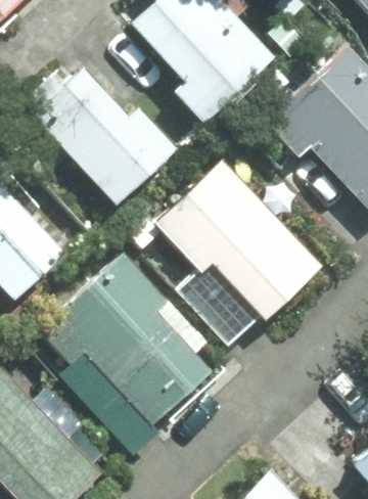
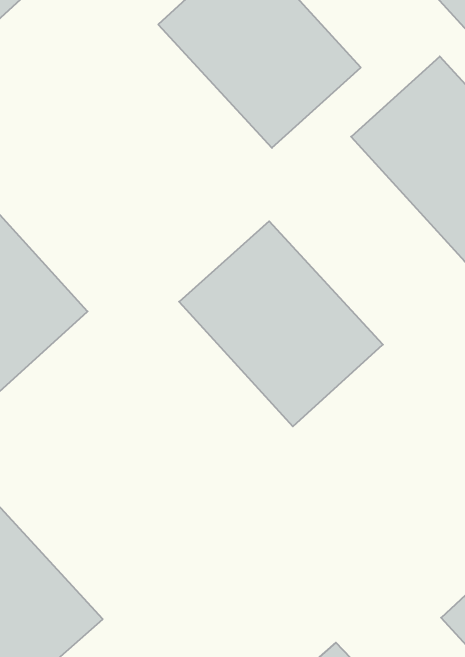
building: [37,53,186,205] -> none
building: [45,274,194,425] -> none

